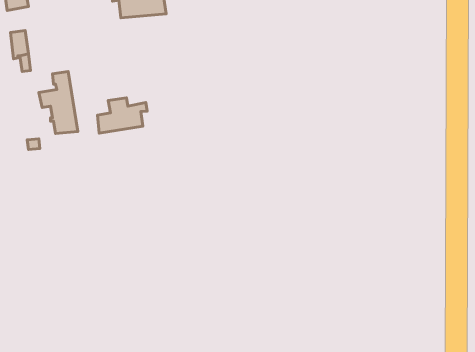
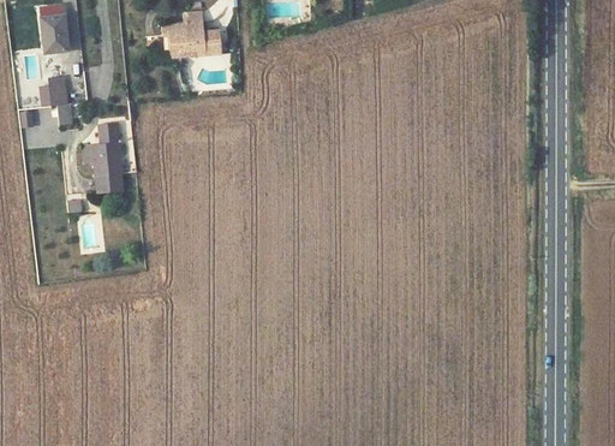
building: [97,98,147,133] -> none

